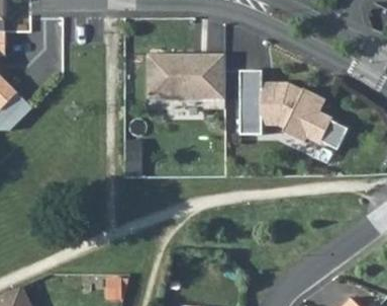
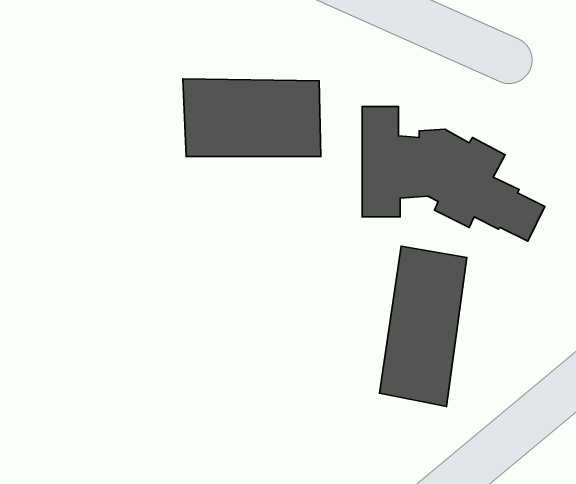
building: none -> [380,246,467,407]

